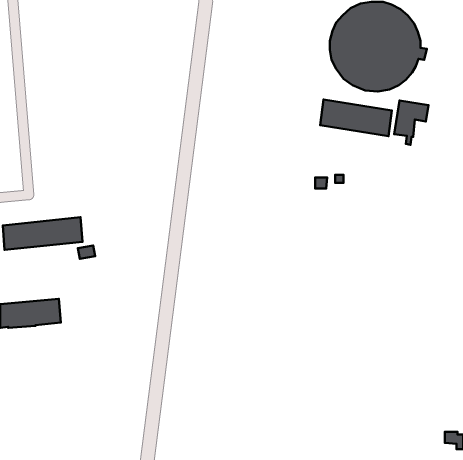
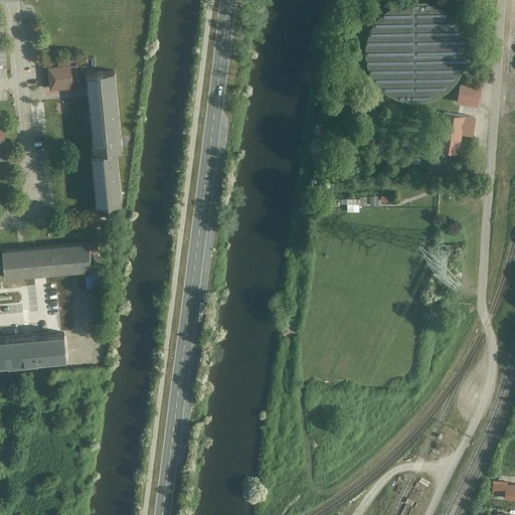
building: none -> [46,68,124,211]
building: none -> [457,85,481,108]
building: [320,100,392,136] -> none

